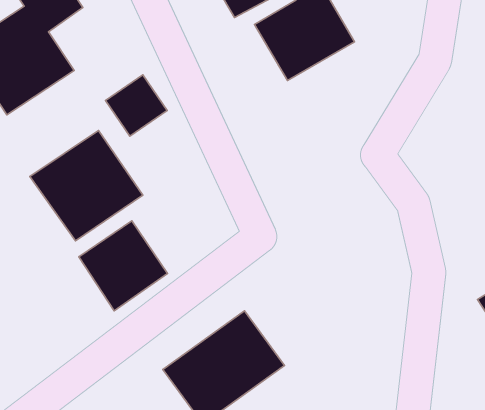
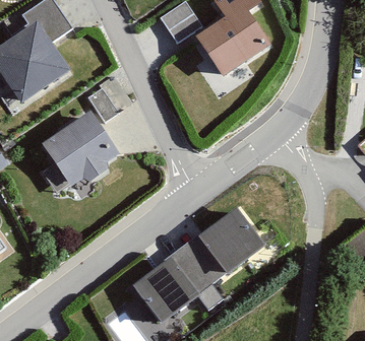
building: [79,221,167,311] -> none
building: none -> [187,203,270,281]

